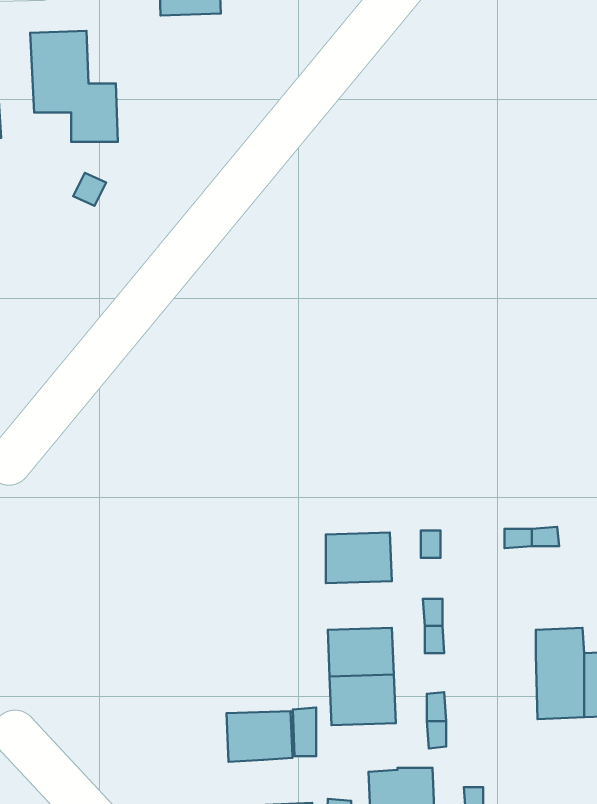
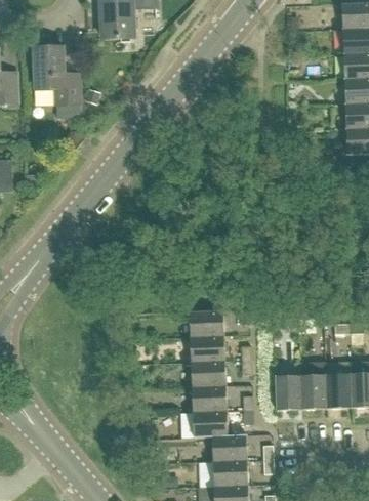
building: none -> [190,336,224,362]
building: none -> [275,375,301,410]
building: [226,711,293,762] -> [193,411,228,437]

